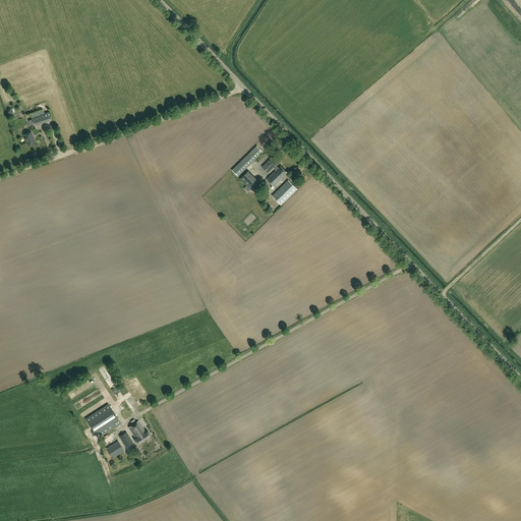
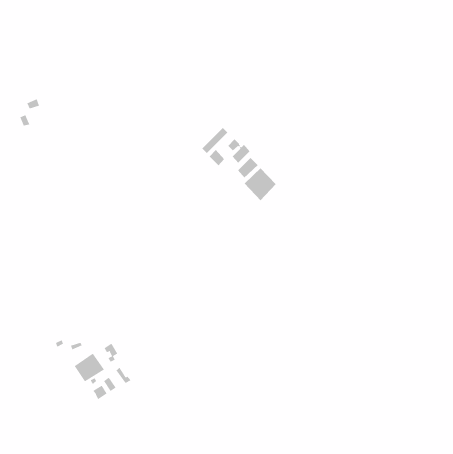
building: none -> [244,168,276,201]

